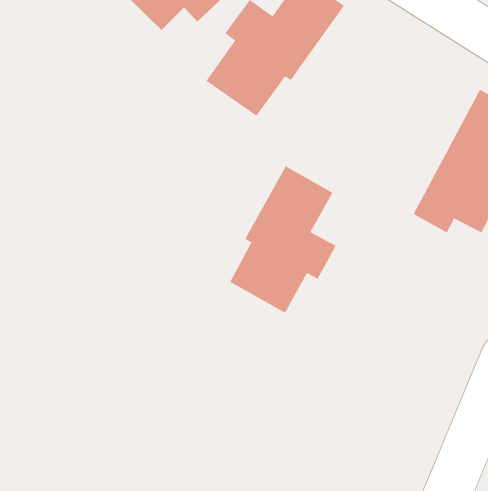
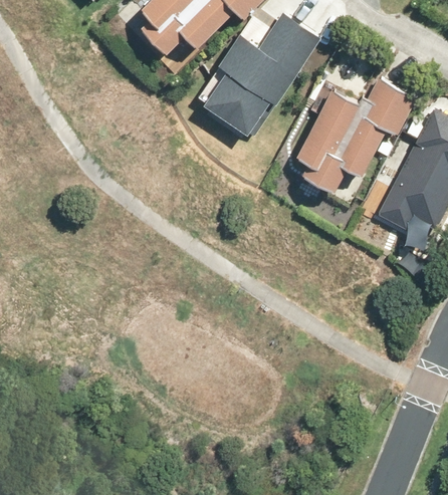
building: none -> [297,80,418,195]
building: [229,165,336,313] -> none

